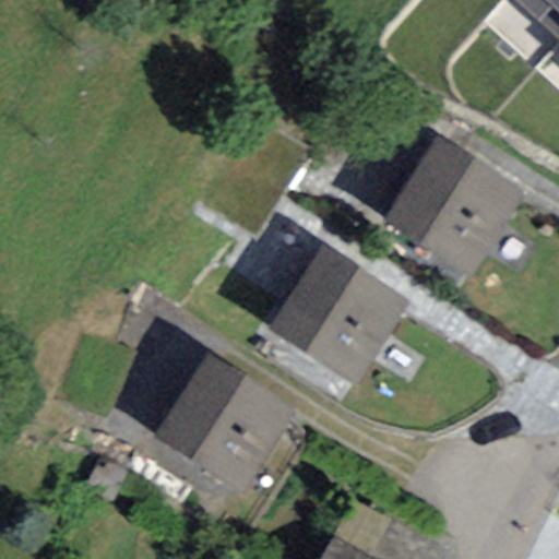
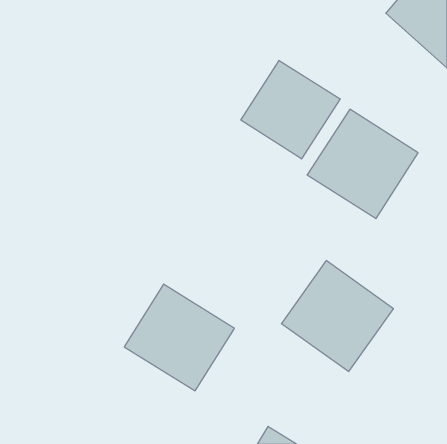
building: none -> [241,60,340,159]
building: [269,243,408,382] -> [281,261,393,372]

